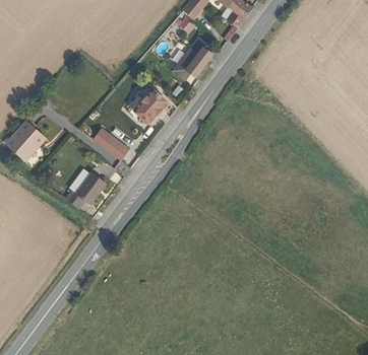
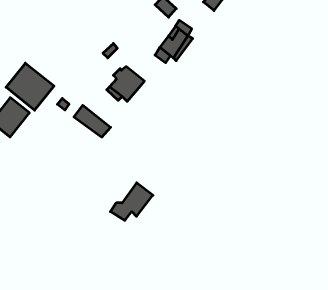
building: none -> [6,63,54,110]
building: [62,168,107,208] -> [110,183,153,220]

